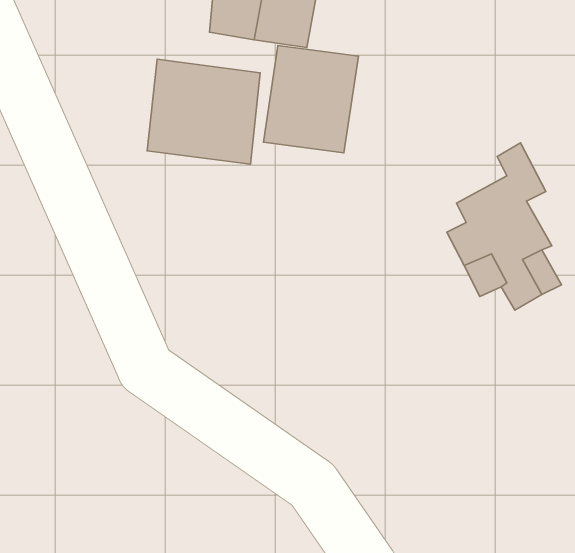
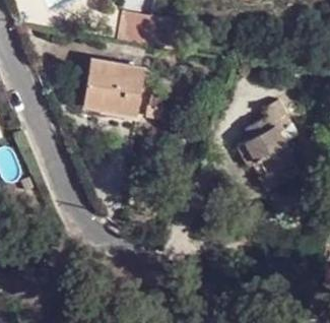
building: [263,46,358,153] -> none

